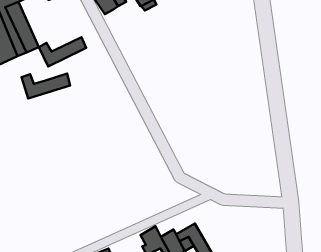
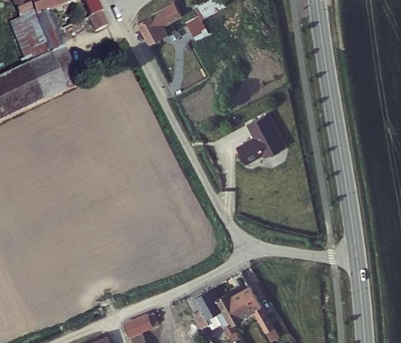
building: [39,37,86,66] -> none
building: [22,74,70,99] -> none
building: none -> [237,116,288,168]

